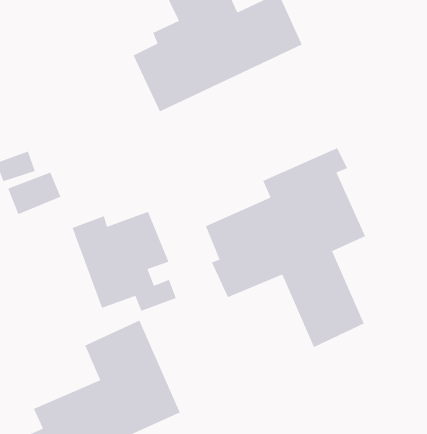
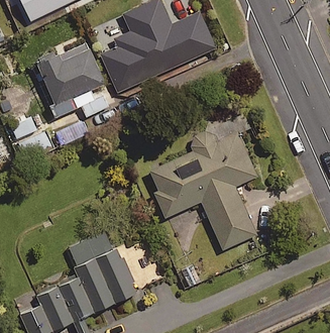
building: [71,211,177,312] -> [37,49,108,117]

